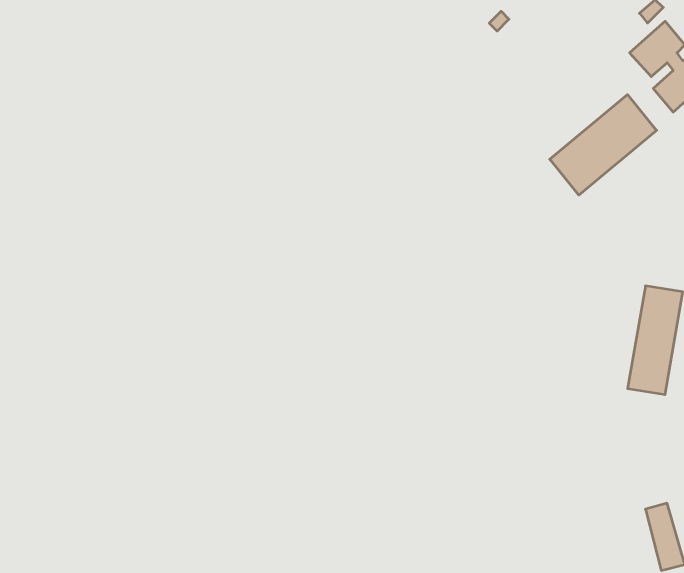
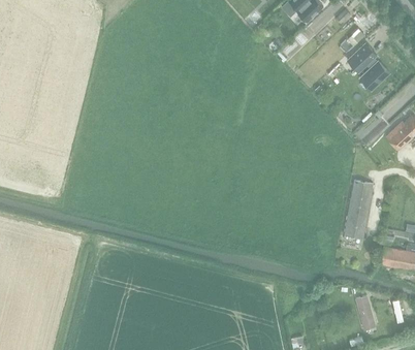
building: [550,95,657,195] -> none

